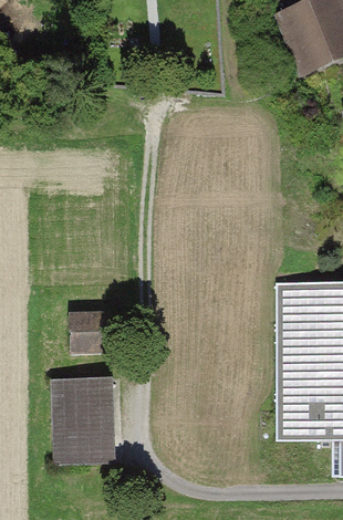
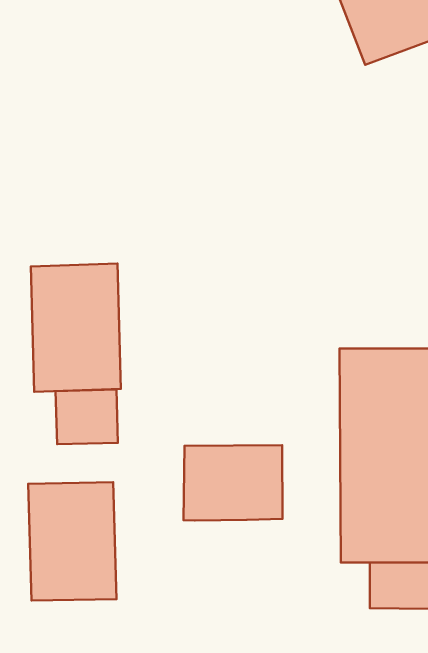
building: none -> [31,264,121,392]
building: none -> [184,445,283,521]

